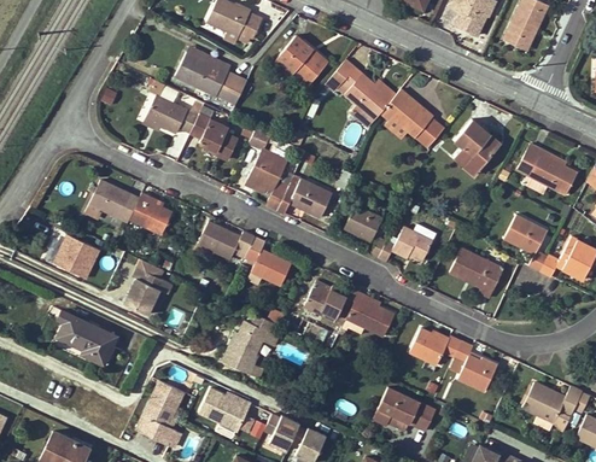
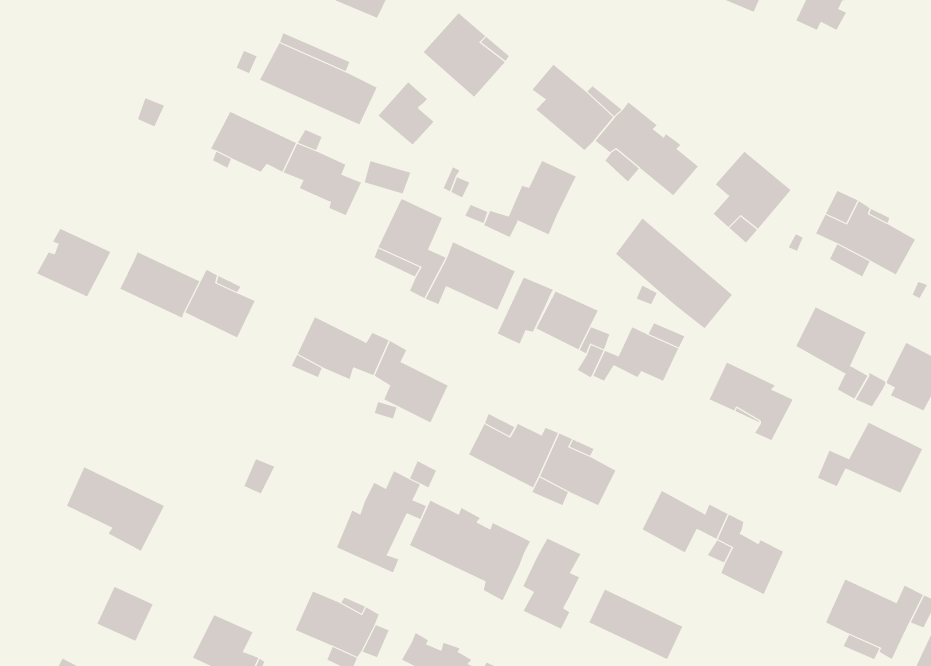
building: none -> [378,82,434,145]
building: none -> [483,160,577,238]
building: none -> [615,218,733,329]
building: none -> [497,277,554,345]
building: [53,236,99,279] -> [36,228,111,297]
building: [124,268,170,315] -> none
building: none -> [817,422,923,493]
building: none -> [409,500,531,601]
building: none -> [523,538,581,629]
building: [147,380,182,414] -> [96,586,154,642]

